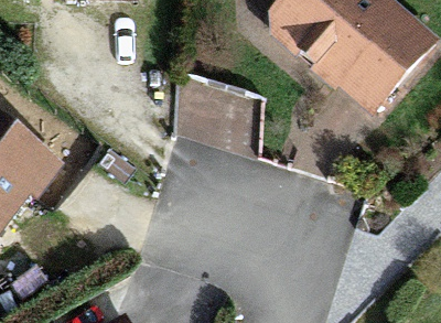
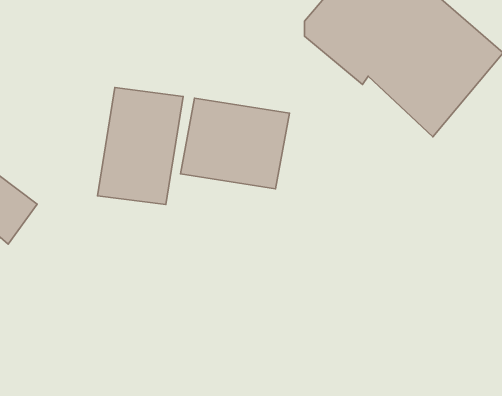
building: none -> [98,88,183,205]

